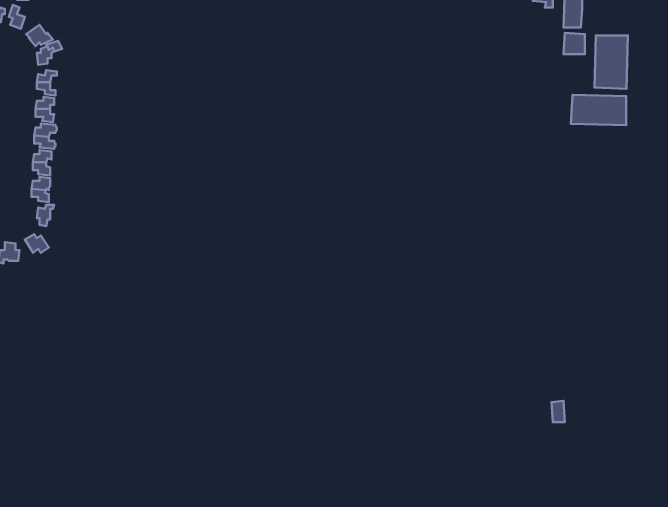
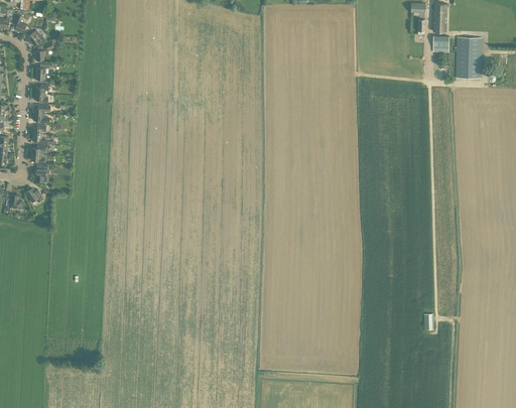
building: [571,95,626,125] -> none

